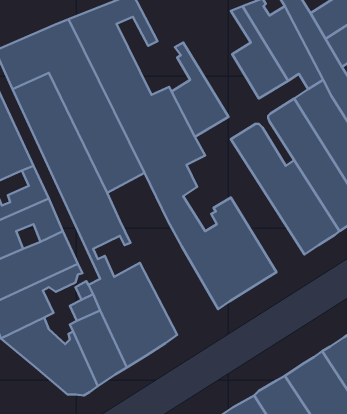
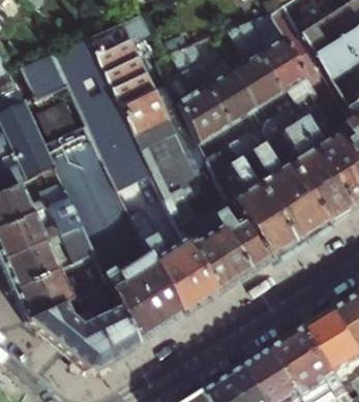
building: none -> [182,38,255,118]
building: none -> [207,137,295,255]
building: none -> [131,202,218,311]

